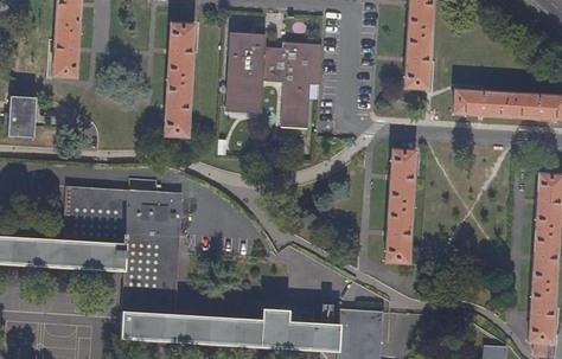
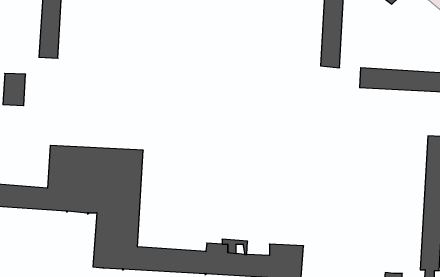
building: [165,24,196,136] -> none
building: [229,32,322,127] -> none
building: [387,149,416,263] -> none

